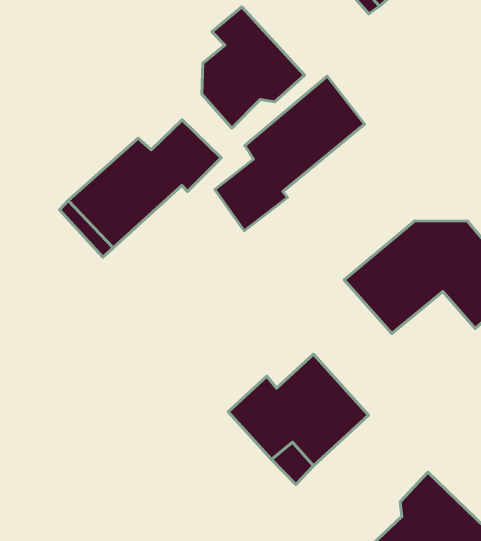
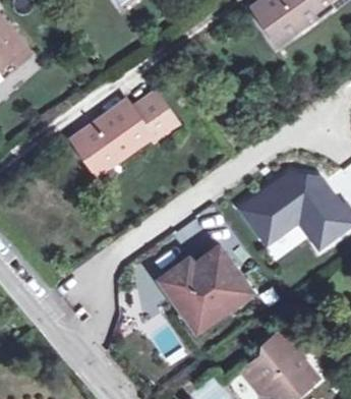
building: [202,7,305,128] -> none
building: [215,76,364,231] -> none

